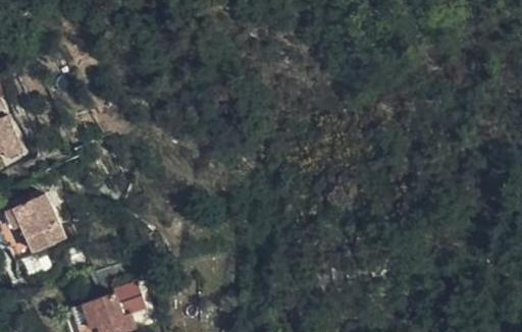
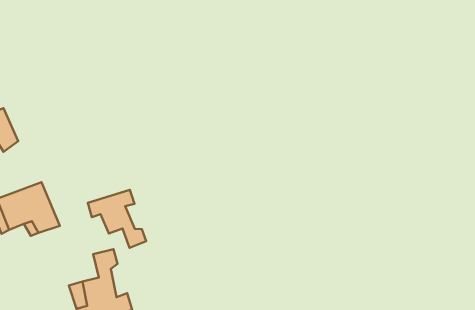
building: none -> [88,190,146,248]

